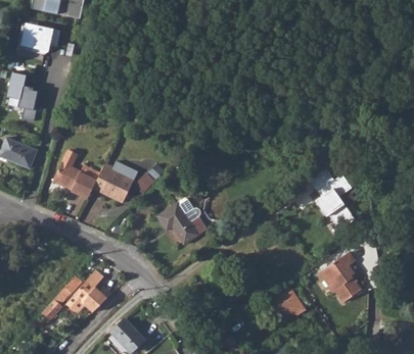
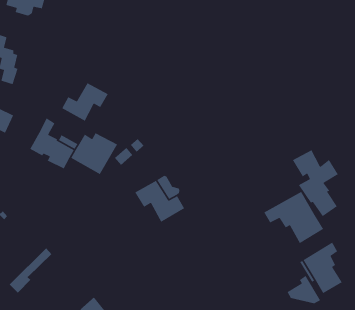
building: none -> [61,82,109,122]
building: none -> [263,191,324,244]
building: [65,269,112,312] -> none
building: [271,286,305,313] -> [286,275,321,304]

